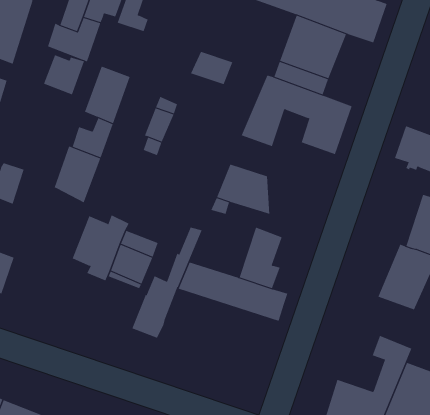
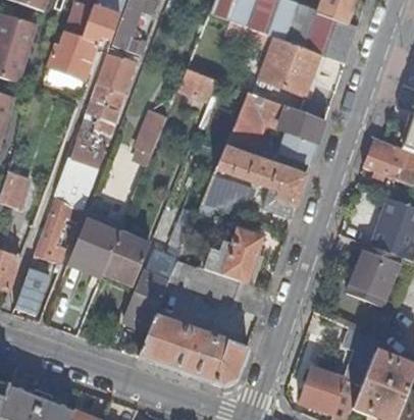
building: [43,54,85,95] -> [98,56,136,93]
building: none -> [216,146,307,218]
building: none -> [37,194,83,262]
building: none -> [13,268,48,314]
building: none -> [139,317,248,384]

